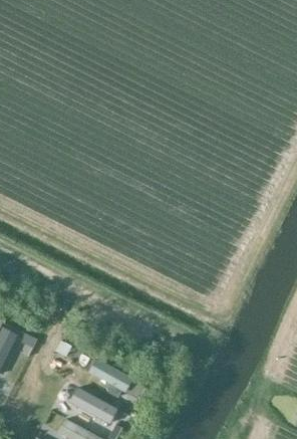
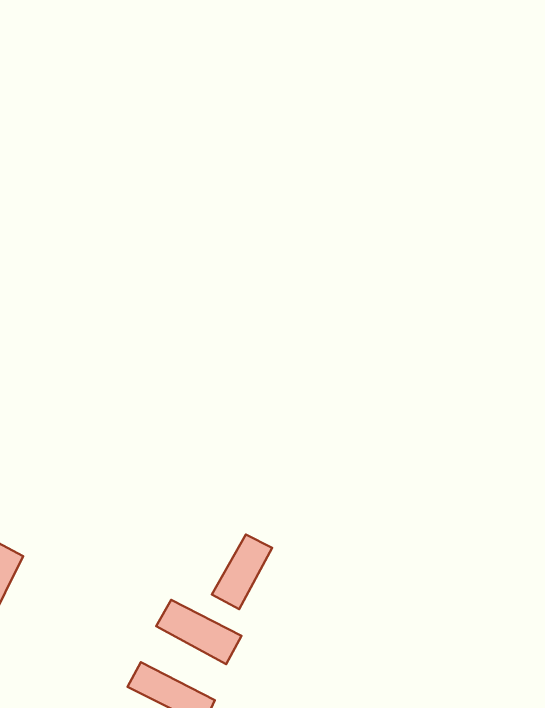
building: none -> [212,534,272,609]

